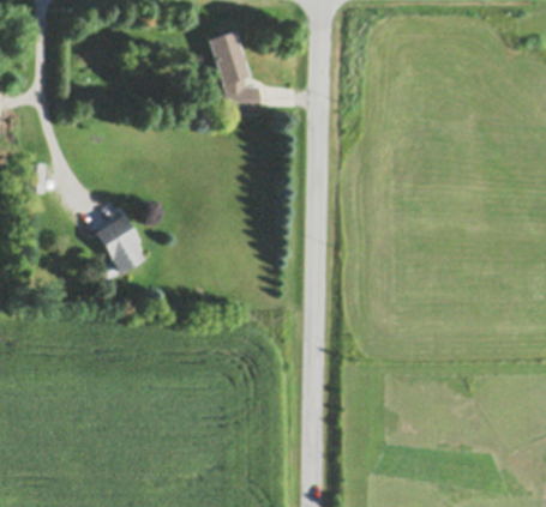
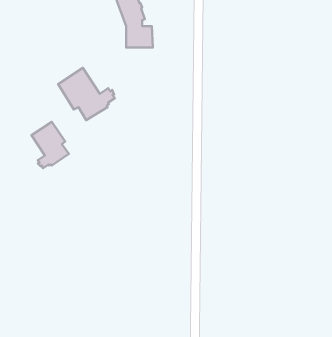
building: none -> [58,68,115,120]

